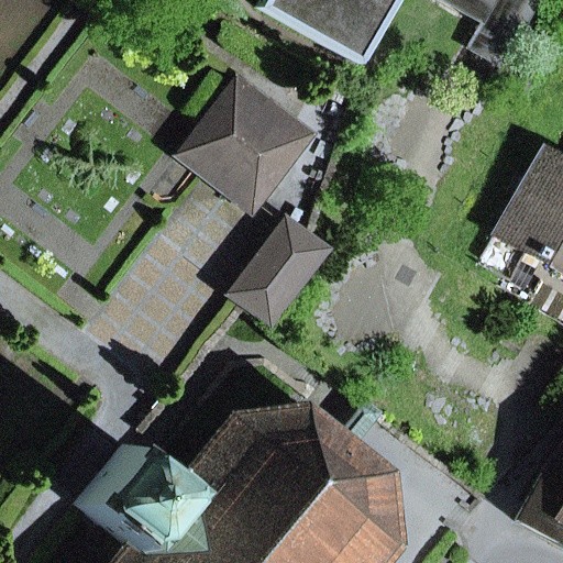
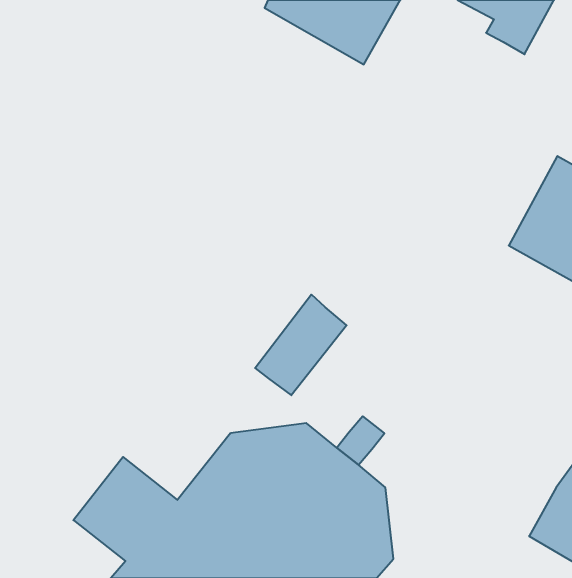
building: [190,82,311,202] -> none
building: [235,222,324,320] -> [255,295,347,395]

